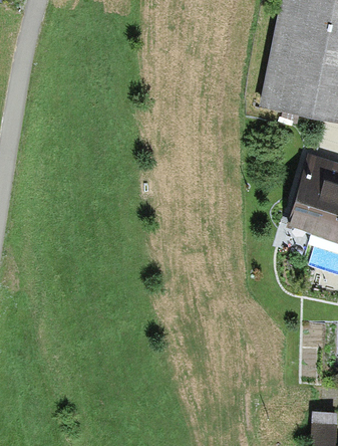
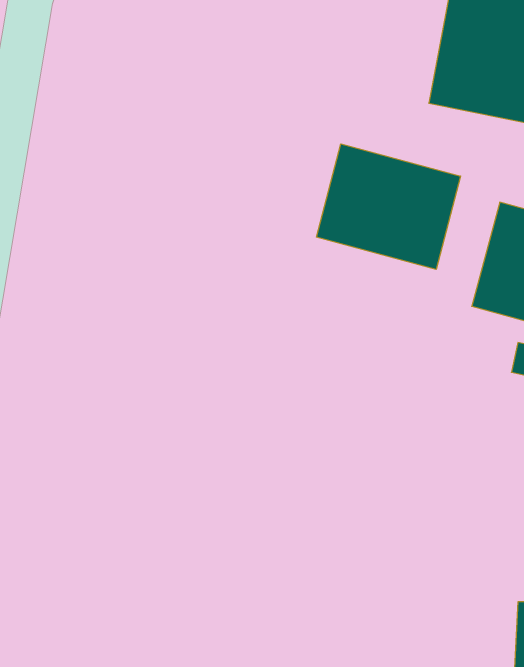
building: none -> [316,144,461,269]

